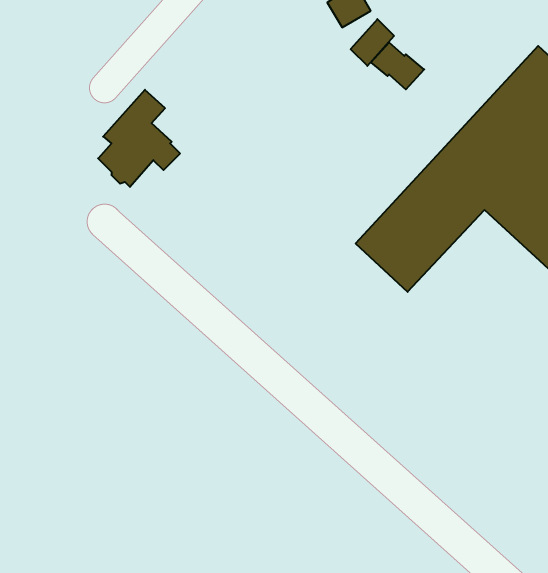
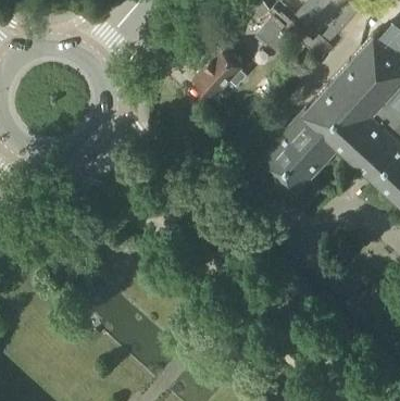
building: [98,90,180,187] -> [193,38,247,101]

